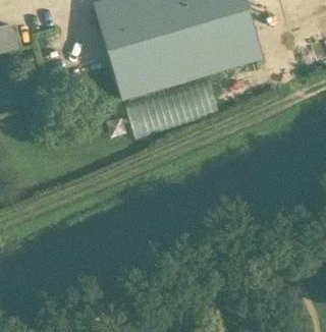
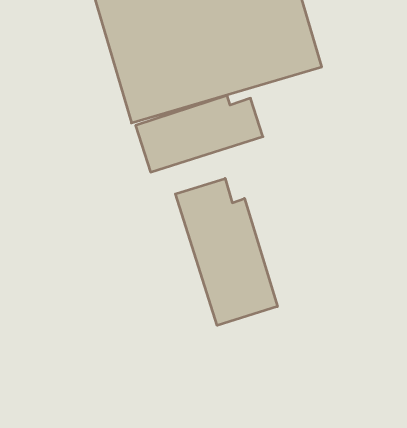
building: none -> [175,178,277,325]

